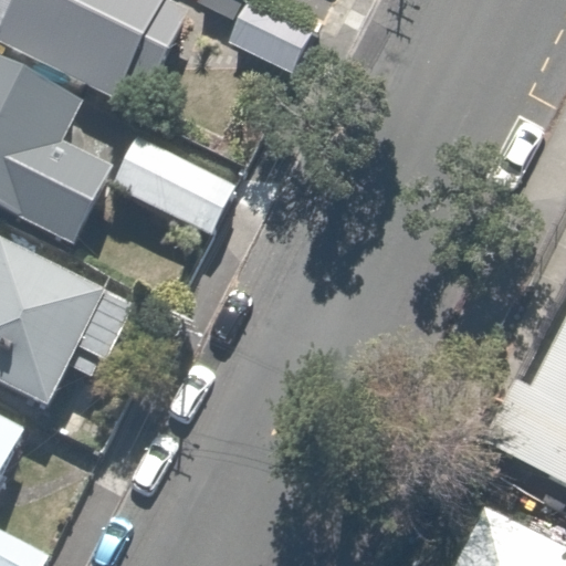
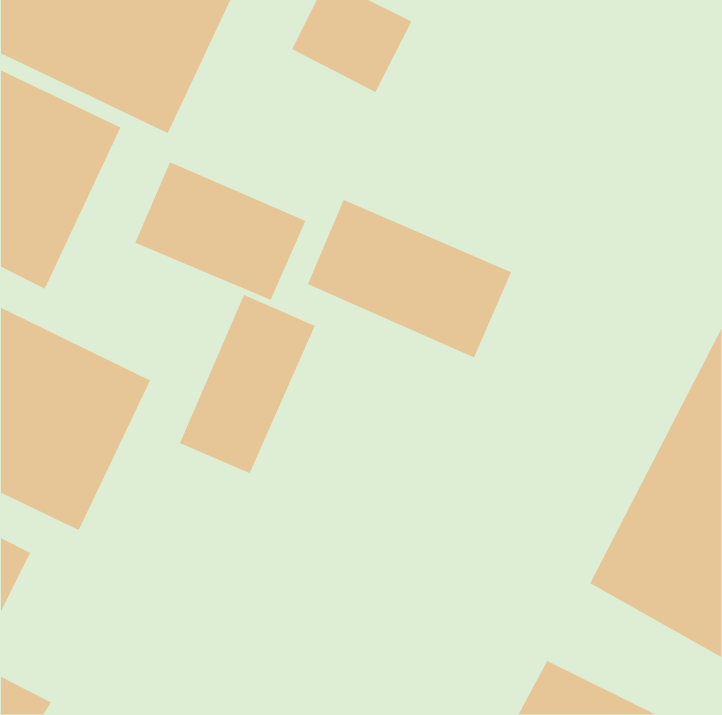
building: none -> [307,199,512,359]
building: none -> [179,294,316,474]

